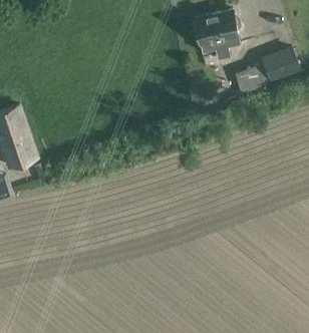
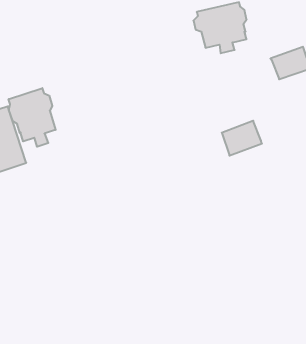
building: [235,62,272,94] -> [222,121,262,156]
building: none -> [9,88,56,147]

